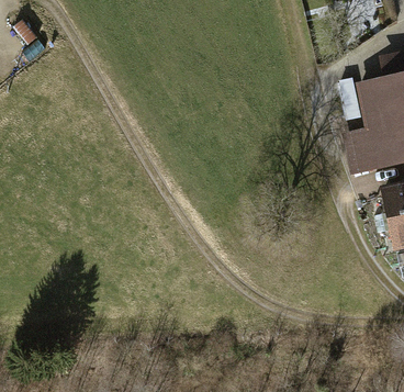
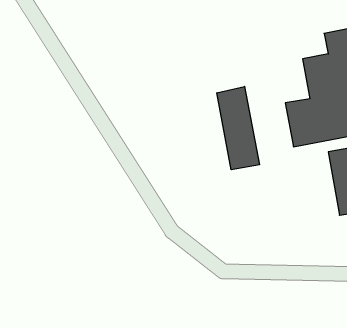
building: none -> [217,86,259,170]

